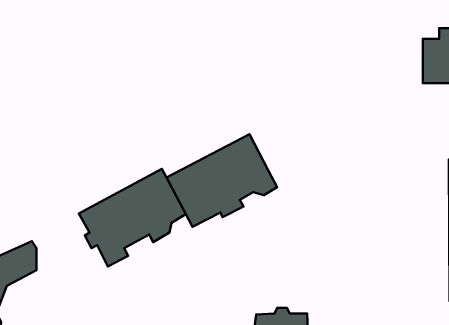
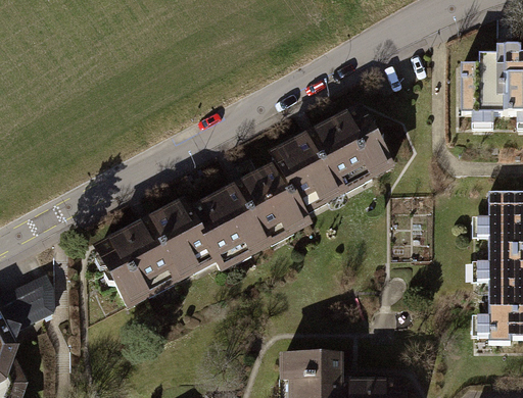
building: none -> [273,109,391,204]

